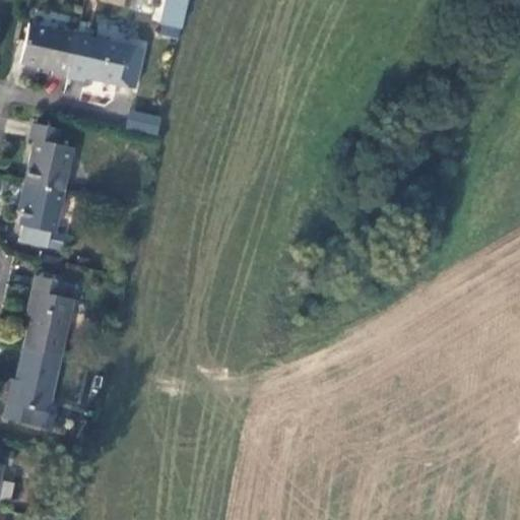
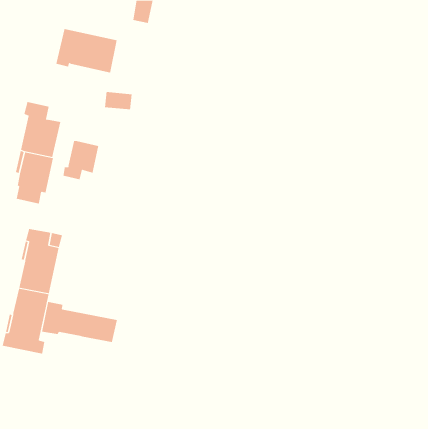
building: [20,23,78,77] -> none
building: none -> [63,140,99,180]
building: none -> [42,301,118,343]

